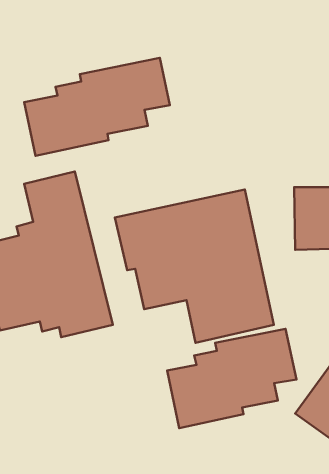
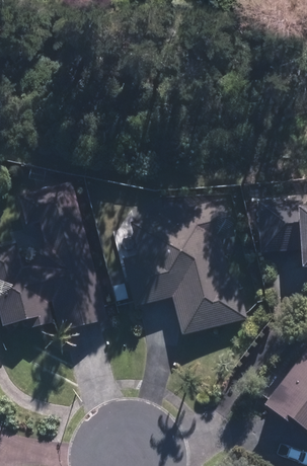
building: [24,58,170,156] -> none
building: [167,329,296,428] -> none

